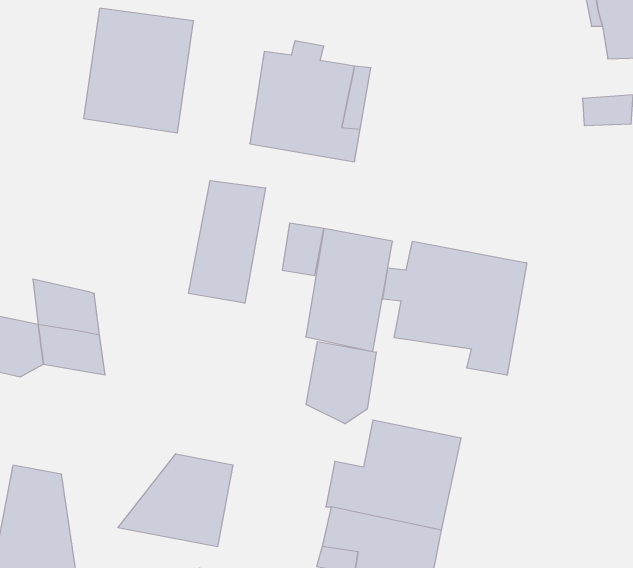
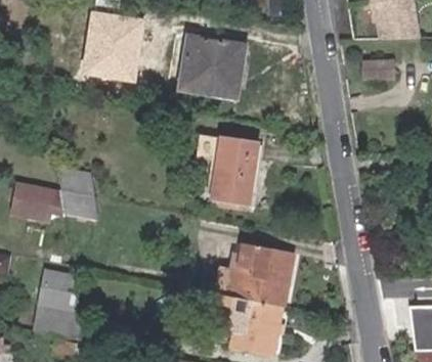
building: [189,180,266,303] -> none
building: [383,241,527,375] -> none
building: [306,342,376,424] -> none
building: [118,454,233,547] -> none

